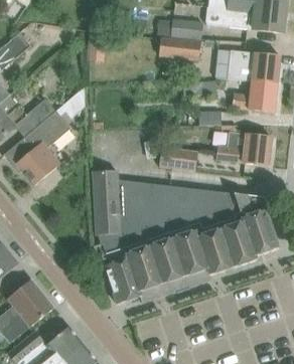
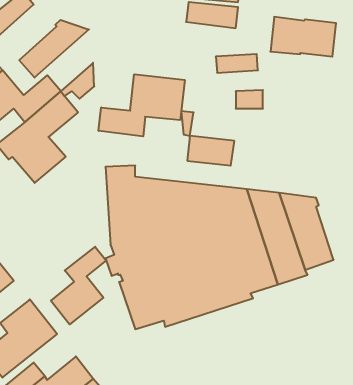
building: none -> [19,20,89,78]
building: [232,79,277,113] -> none
building: none -> [99,74,185,136]
building: [216,132,271,166] -> none
building: none -> [51,247,106,324]

